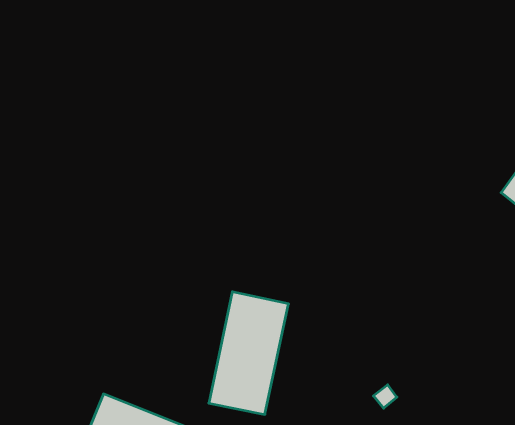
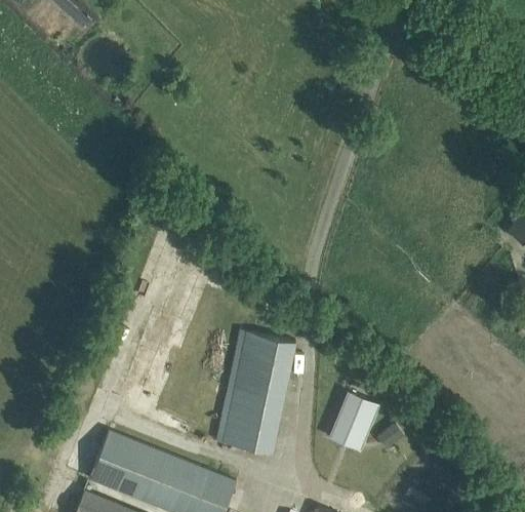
building: none -> [329,392,378,445]

